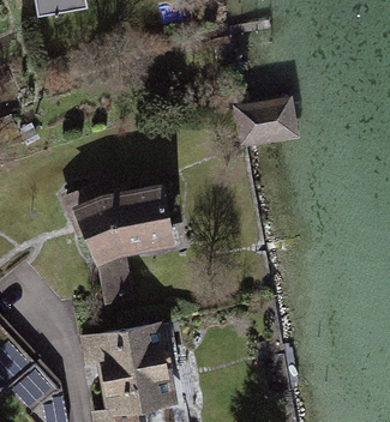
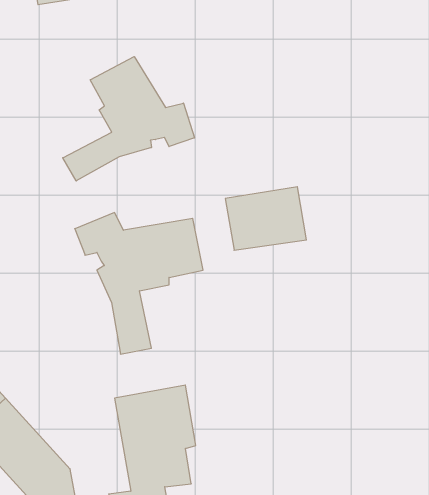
building: none -> [63,57,194,181]
building: [235,96,301,147] -> [225,187,306,250]

